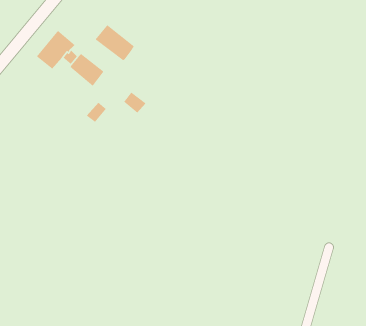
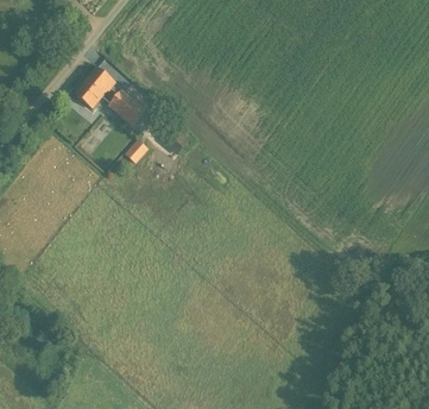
building: [94,24,135,61] -> none

